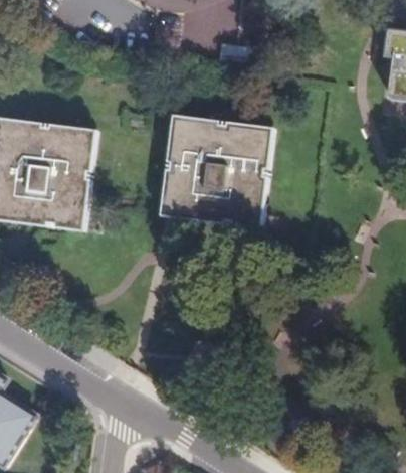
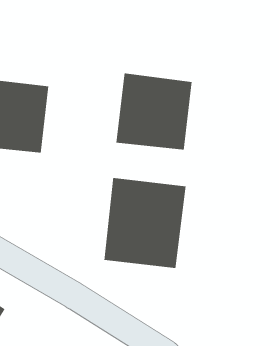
building: none -> [104,177,186,269]

